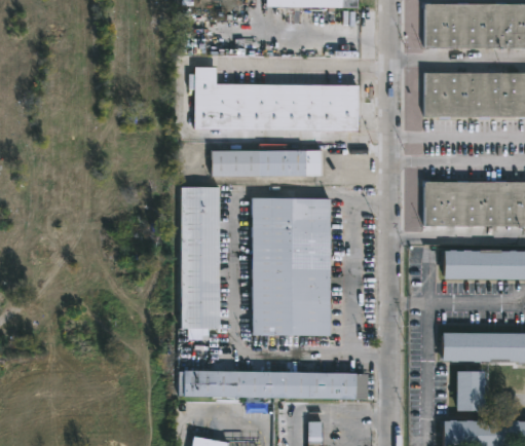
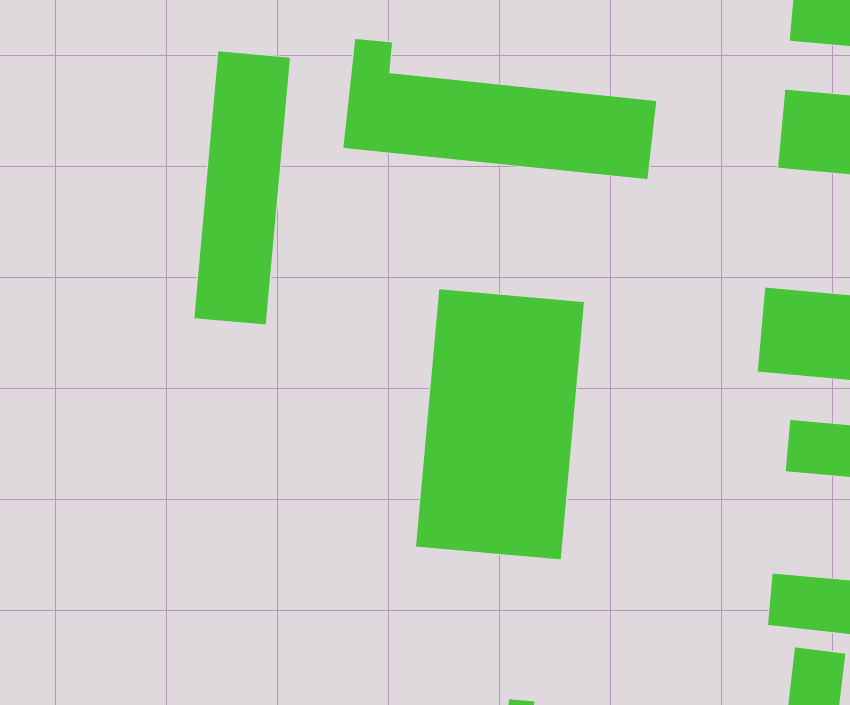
building: [212,149,321,176] -> none
building: [180,186,219,329] -> [193,51,291,325]
building: [183,370,357,399] -> none

